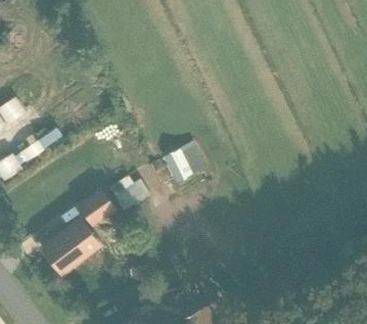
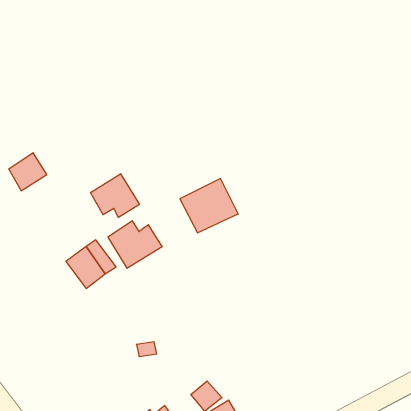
building: none -> [91,174,139,217]
building: [42,220,98,266] -> none

